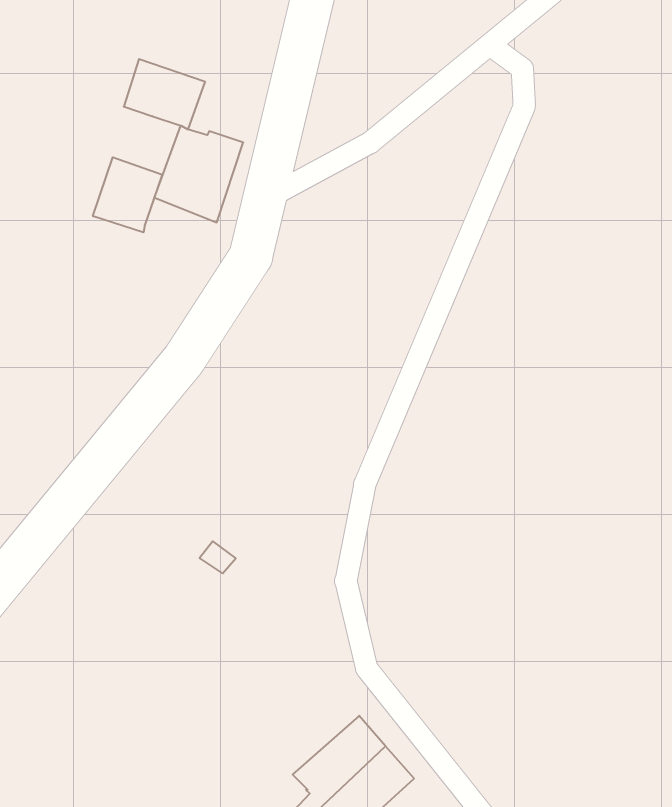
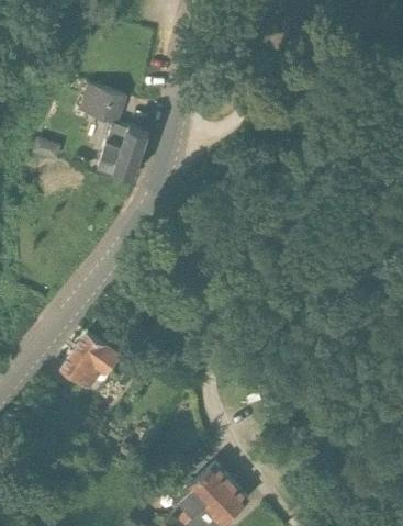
building: [93,157,162,232] -> none
building: none -> [61,335,120,390]

